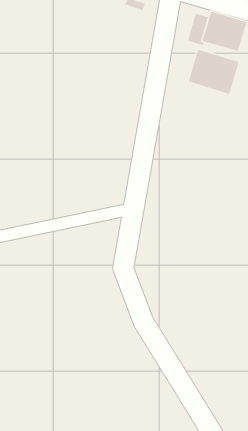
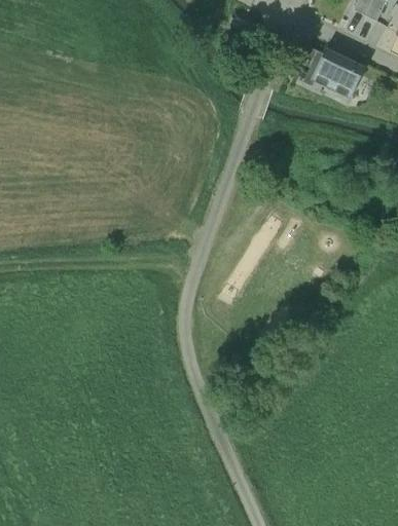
building: [188,49,239,94] -> none

